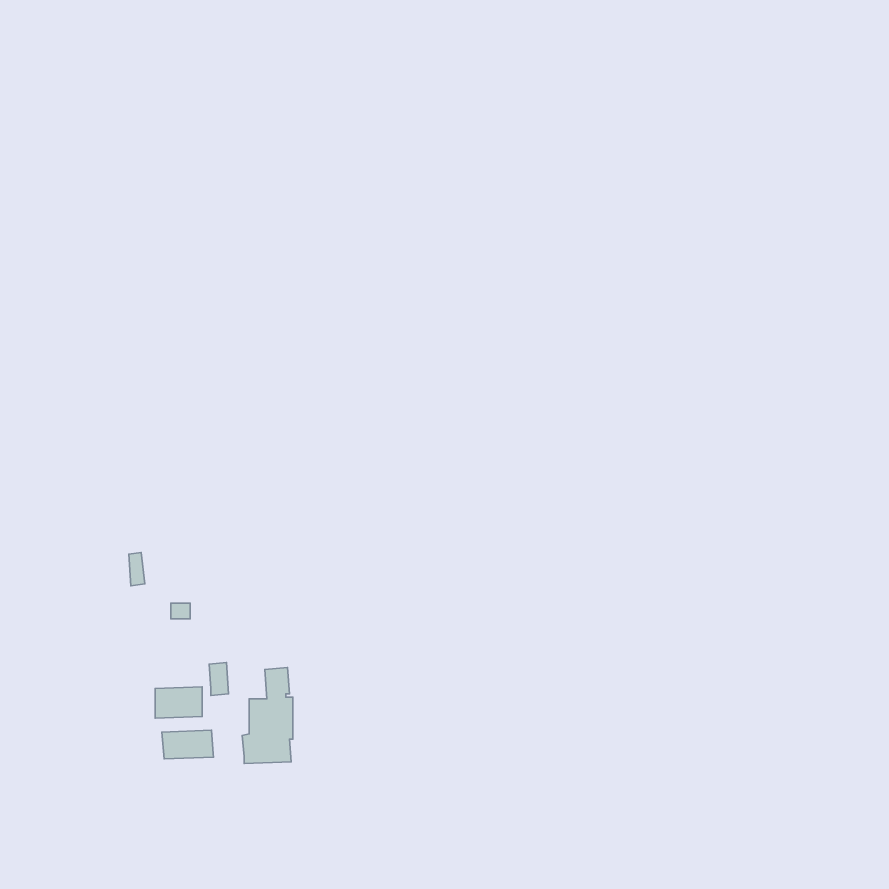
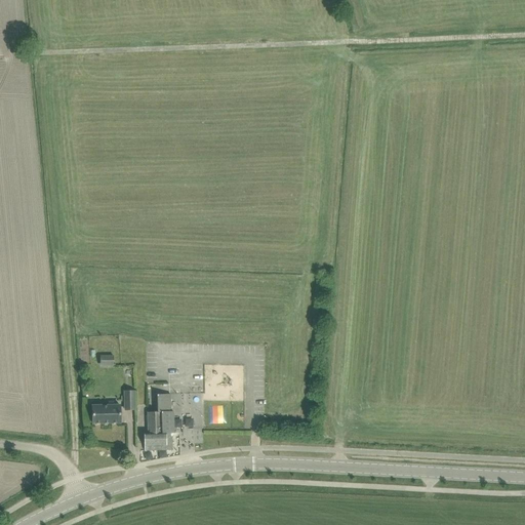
building: [162,730,214,759] -> none

